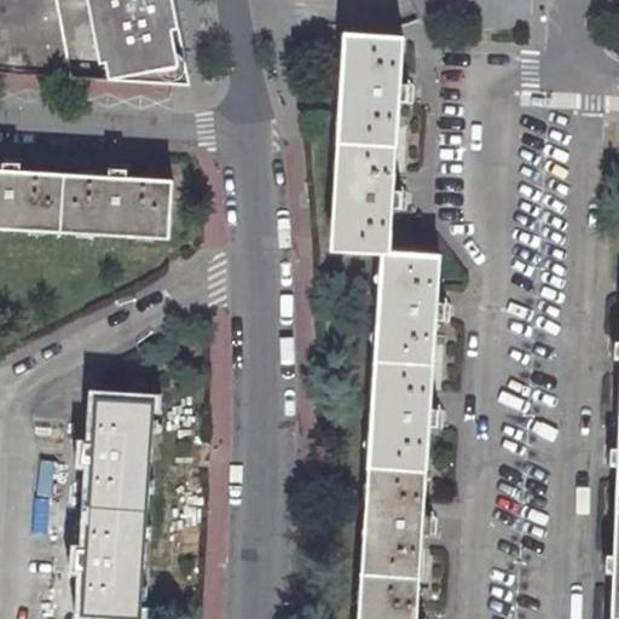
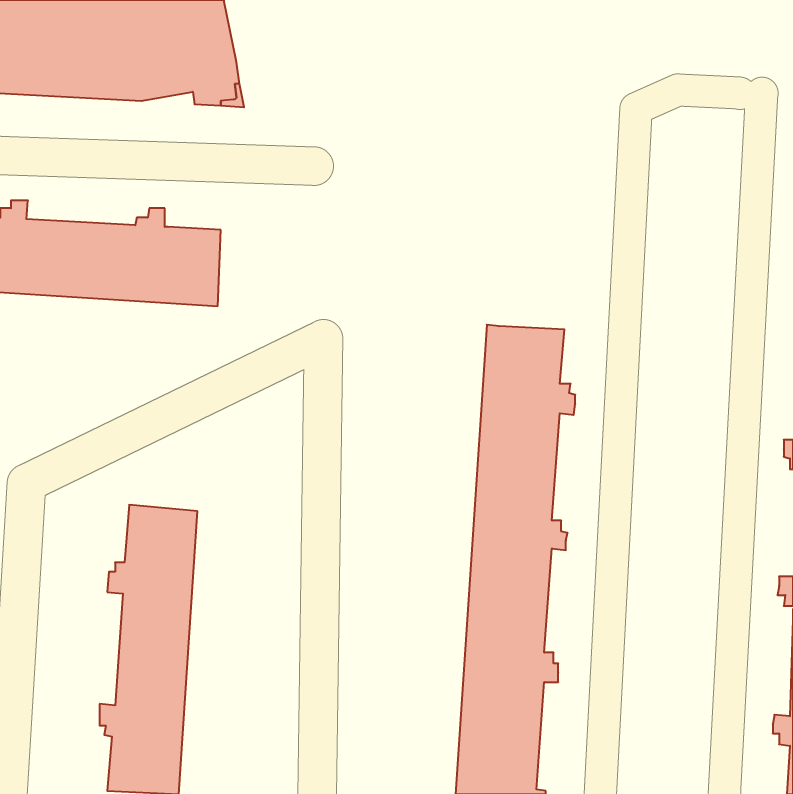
building: [331,34,410,254] -> none

